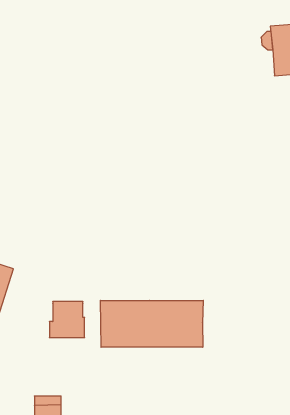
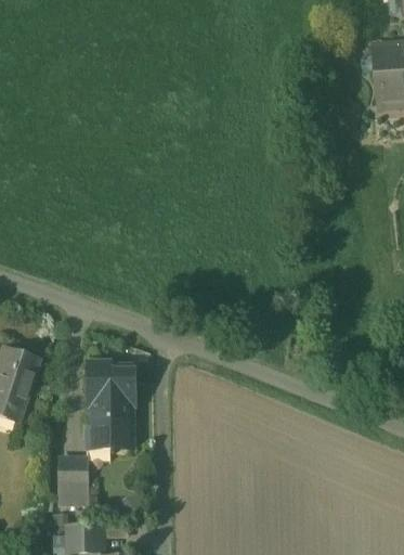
building: none -> [88,363,133,403]
building: [100,300,203,347] -> none
building: none -> [57,459,87,502]

